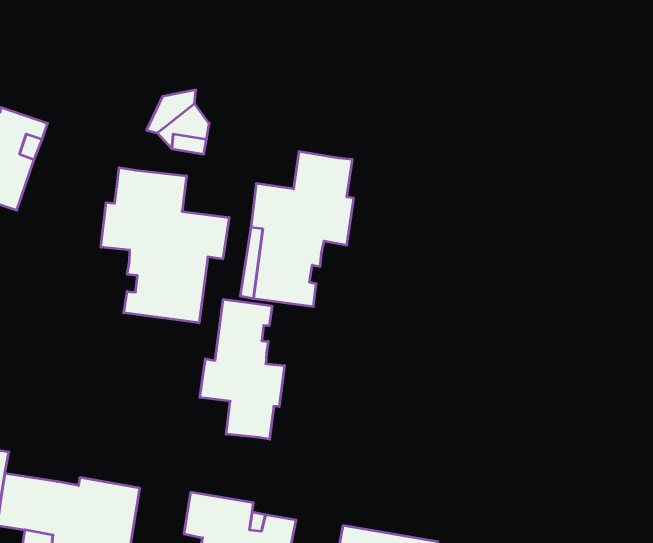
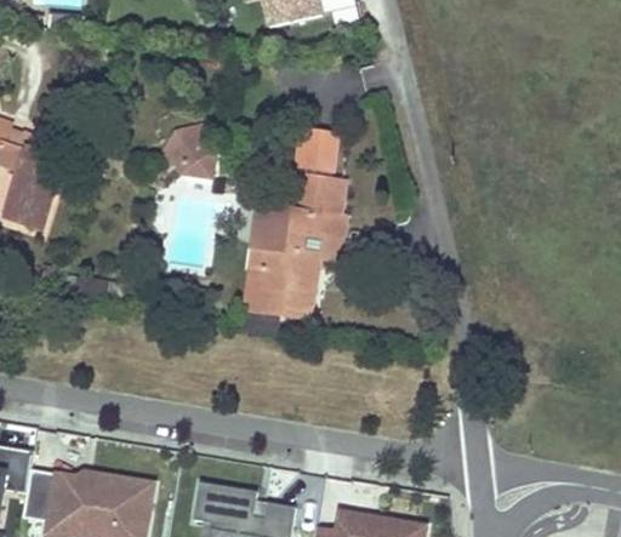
building: none -> [297,130,341,183]
building: [101,168,229,323] -> none
building: [200,299,284,439] -> none

